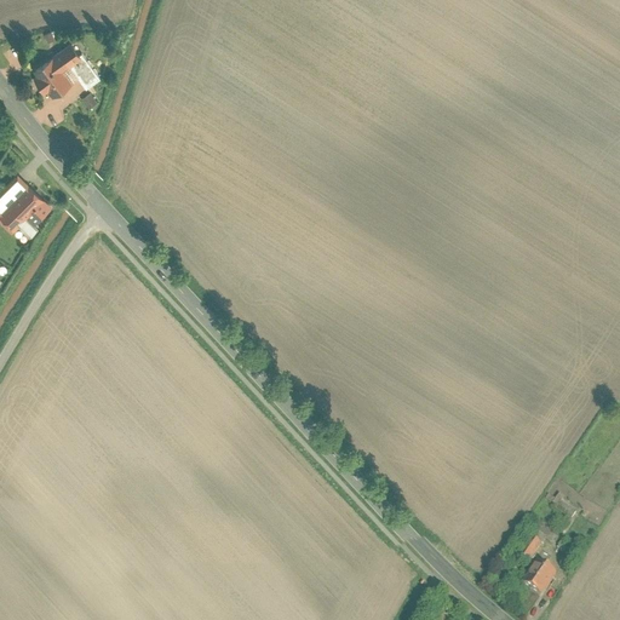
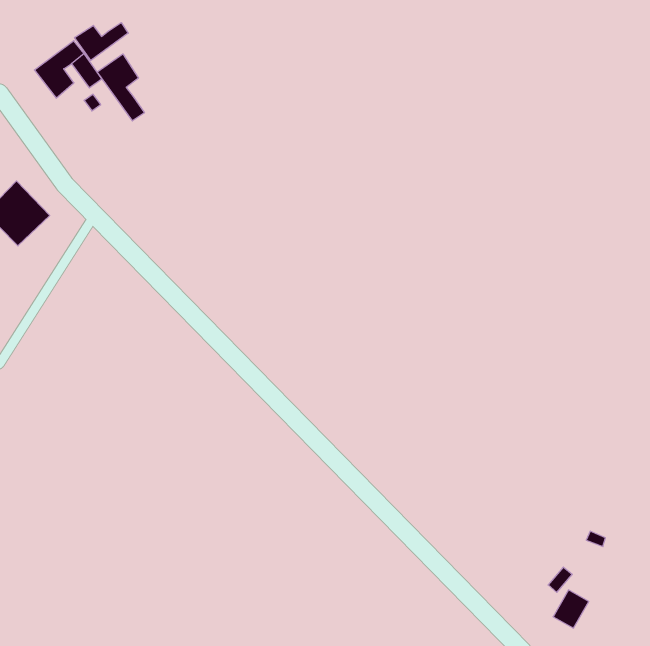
building: none -> [75,23,128,60]
building: none -> [97,54,144,121]

